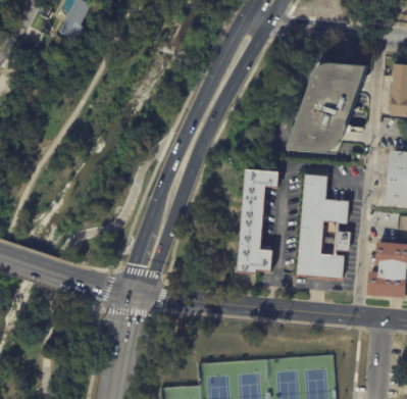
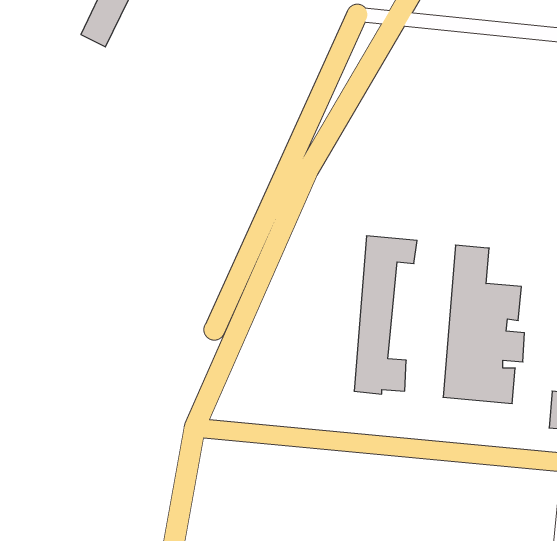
building: [287,60,367,149] -> none

